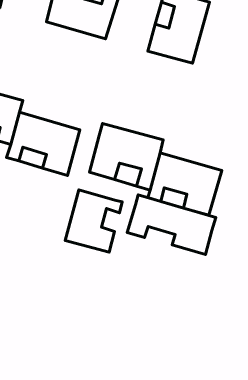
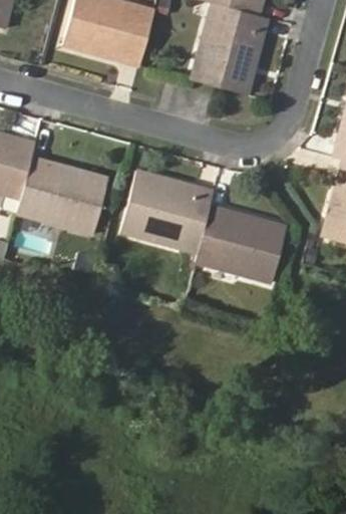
building: [65,190,122,252] -> none
building: [127,195,216,255] -> none

